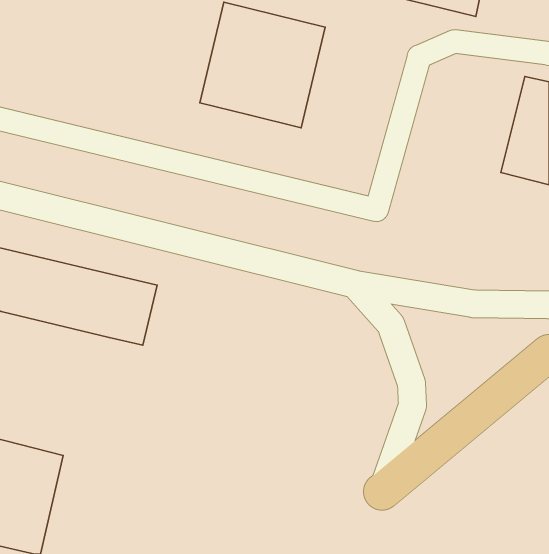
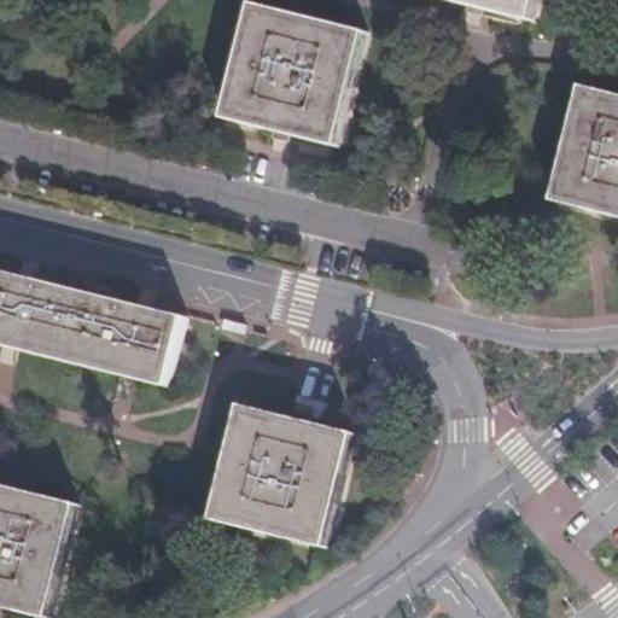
building: none -> [211,406,345,541]

